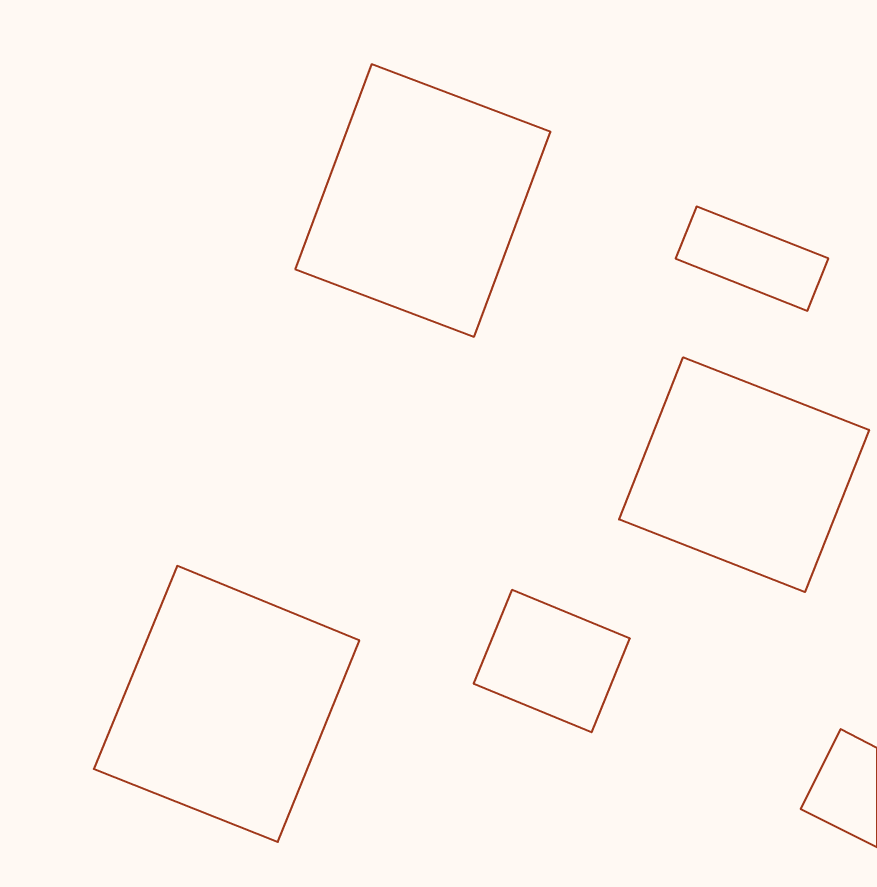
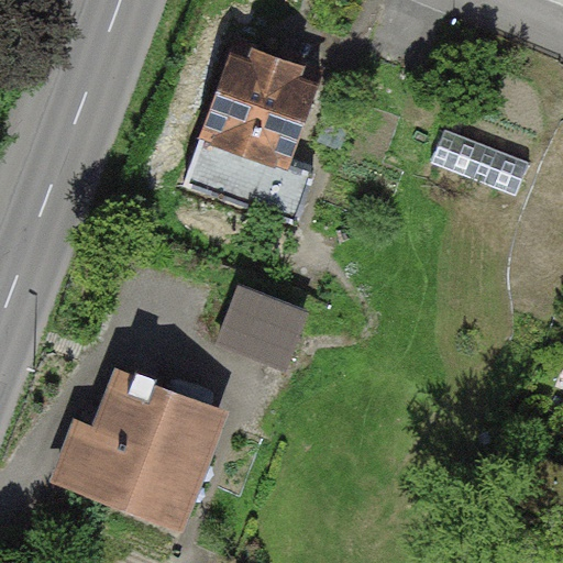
building: [619,357,869,592] -> none
building: [474,590,630,732] -> [210,280,309,371]

